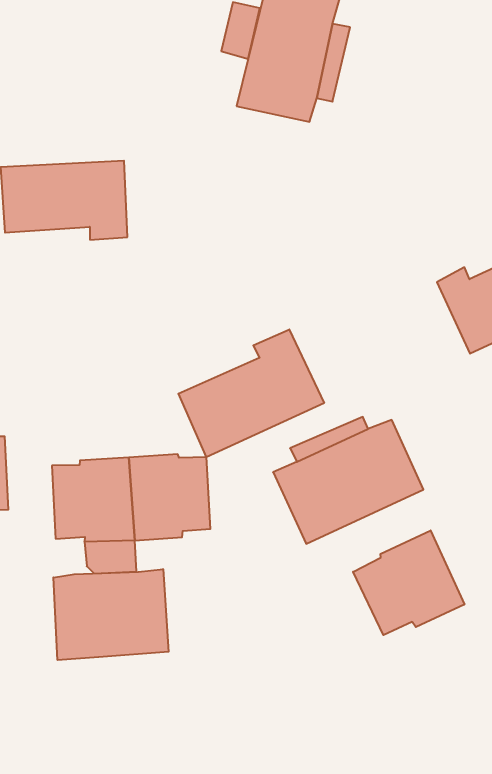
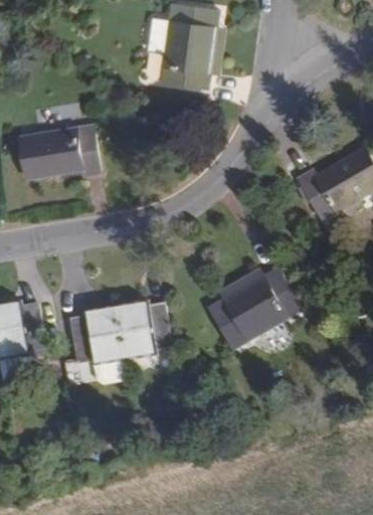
building: [178,329,324,457] -> none
building: [353,530,464,635] -> none
building: [53,569,169,660] -> none

